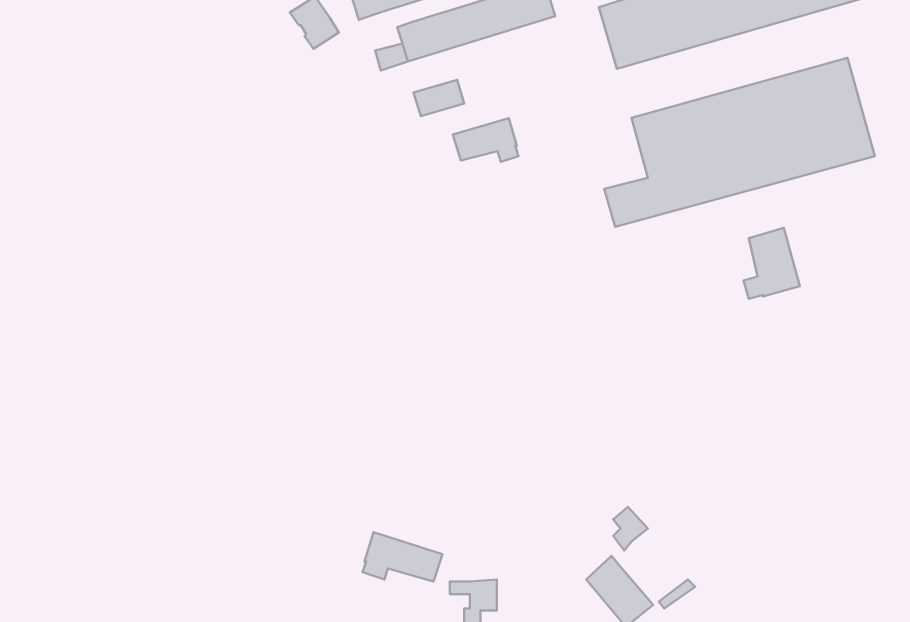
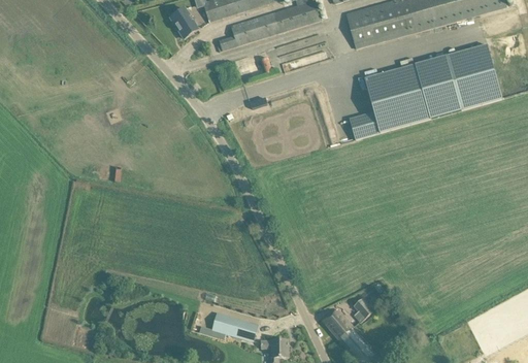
building: [453,118,518,162] -> none
building: [743,228,800,299] -> none
building: none -> [322,307,353,338]

